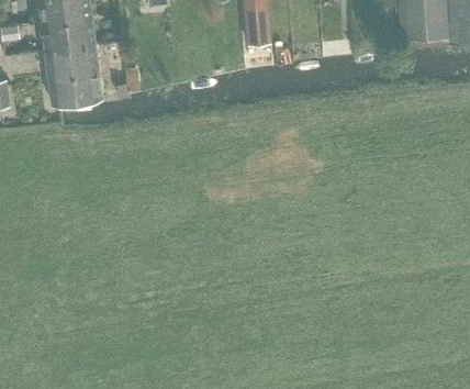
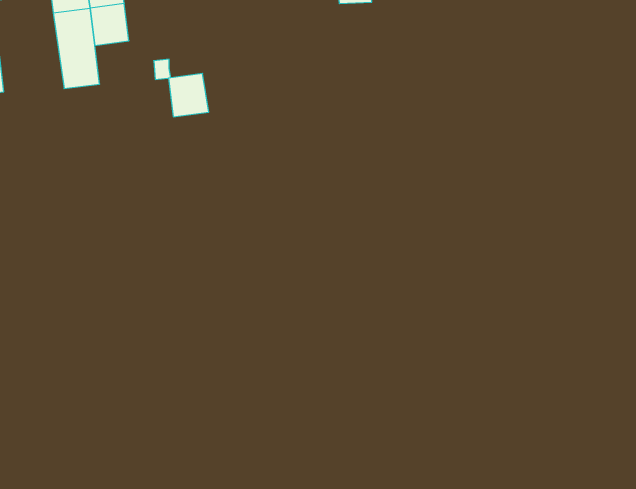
building: [74,68,102,99] -> [169,73,209,117]

